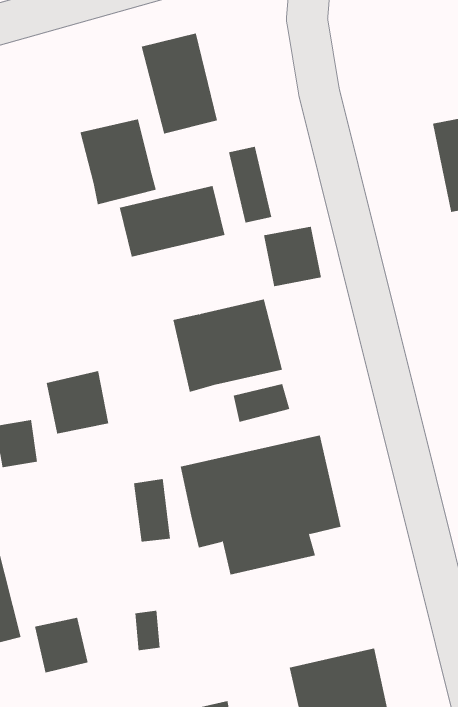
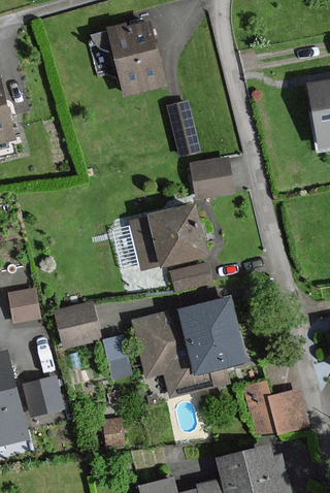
building: [80,119,156,205] -> none
building: [119,185,225,257] -> none
building: [46,371,109,434] -> [56,303,99,347]
building: none -> [244,382,307,434]
building: [34,617,88,673] -> [25,377,62,416]

